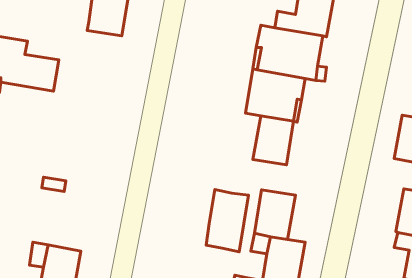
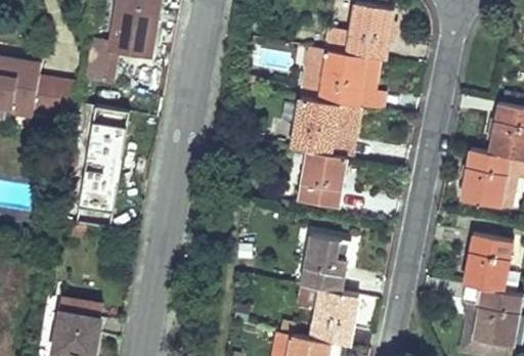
building: none -> [84,38,116,81]
building: none -> [73,105,129,219]
building: [206,190,248,252] -> none

